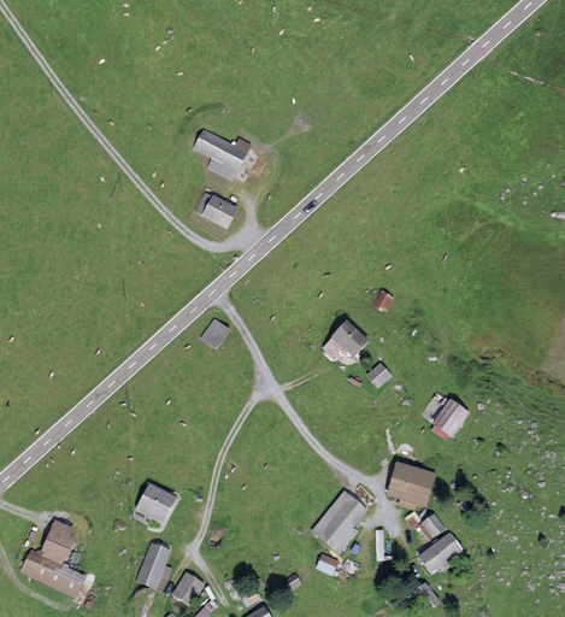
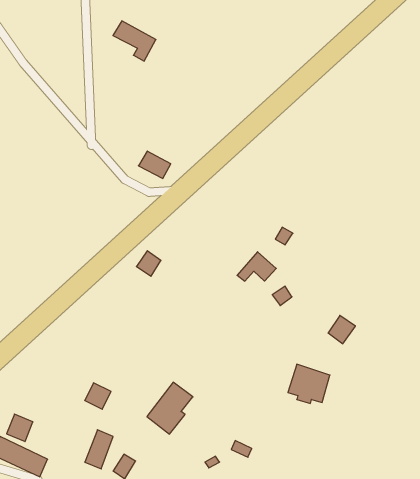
building: [194,131,247,181] -> [113,21,156,61]
building: [310,489,366,553] -> [147,382,193,434]
building: [418,516,466,576] -> none

